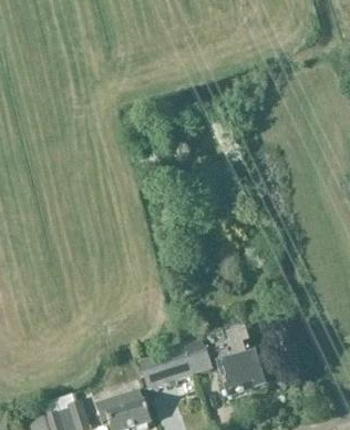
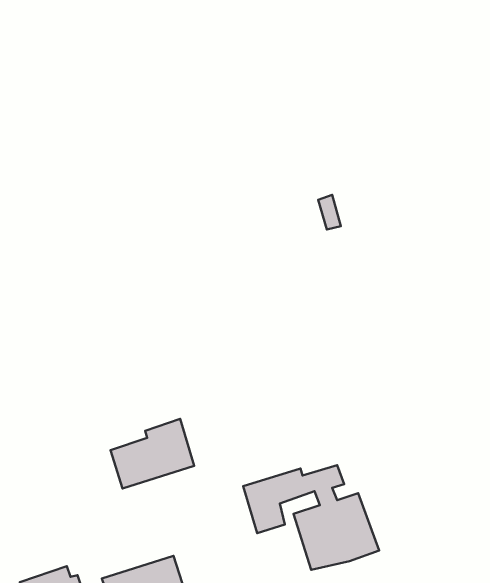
building: [140,345,193,389] -> [110,419,194,489]

